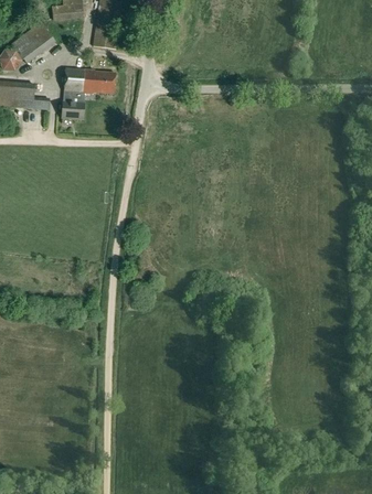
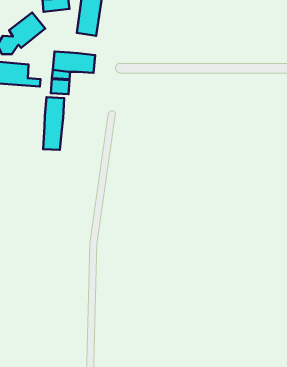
building: none -> [43,97,64,150]

